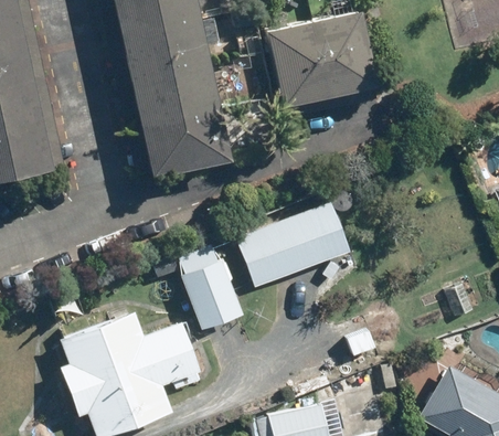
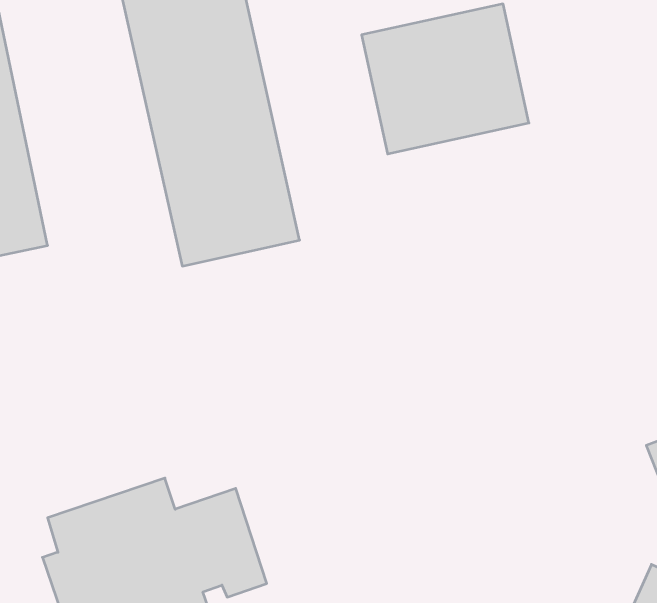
building: [237,199,352,287] -> none
building: [179,244,243,330] -> none

